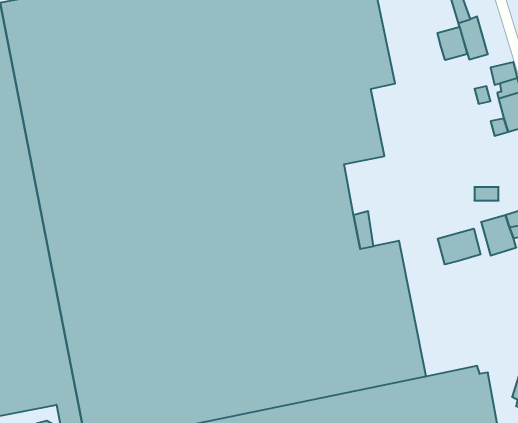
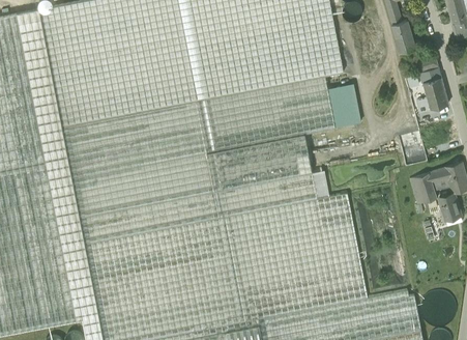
building: [437,27,467,60] -> none
building: none -> [334,94,357,122]
building: [438,229,481,264] -> none

